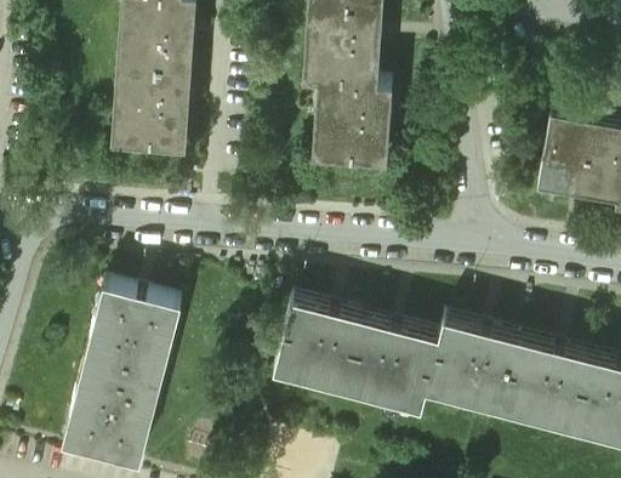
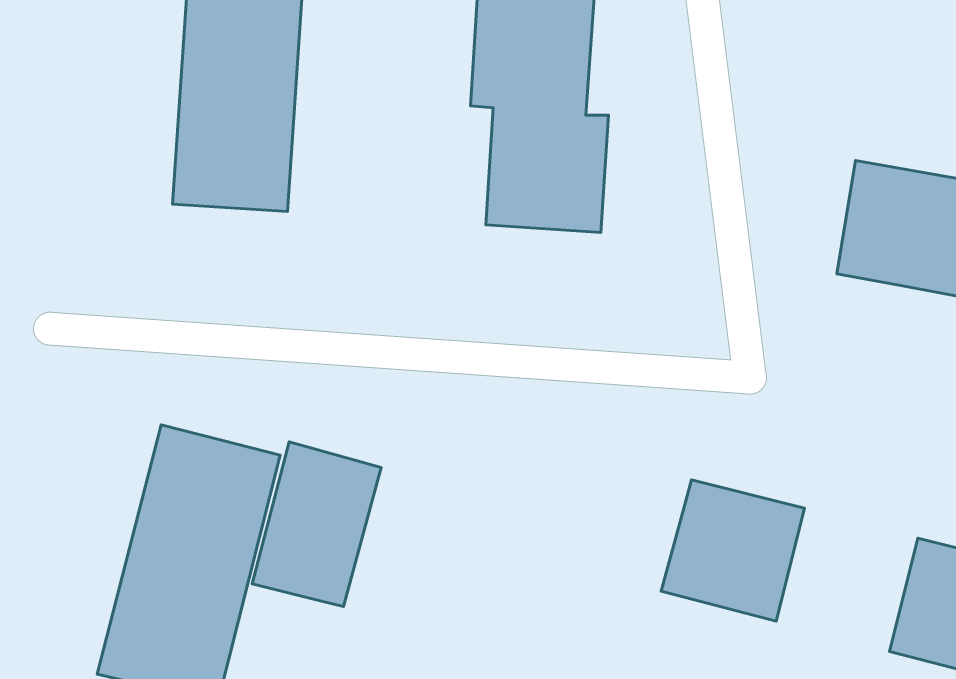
building: none -> [252,442,381,607]
building: [274,302,440,414] -> none
building: [500,341,591,433] -> none

